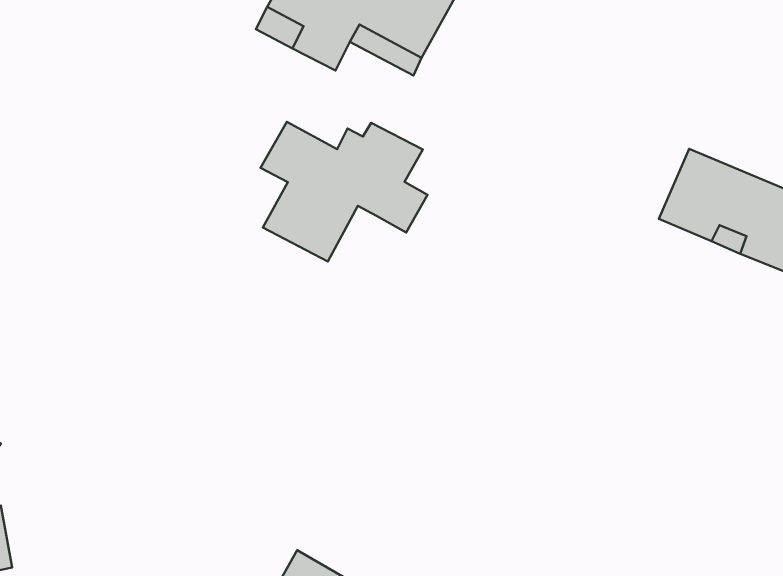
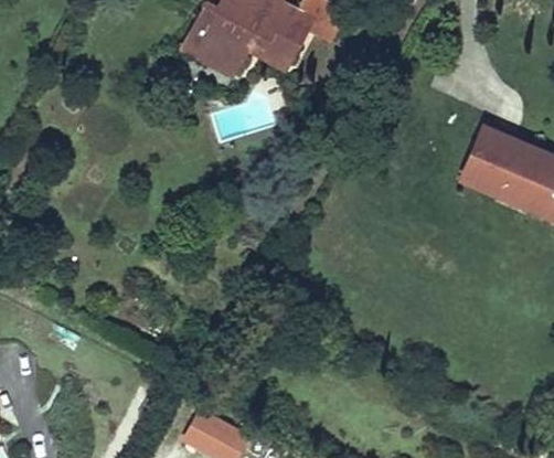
building: [260,122,428,262] -> none

